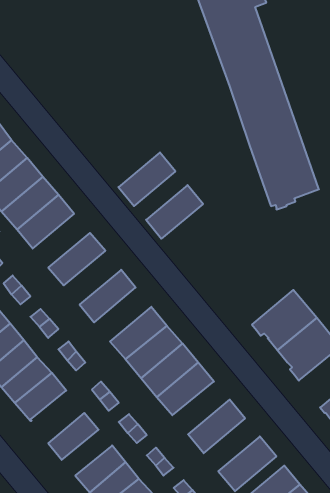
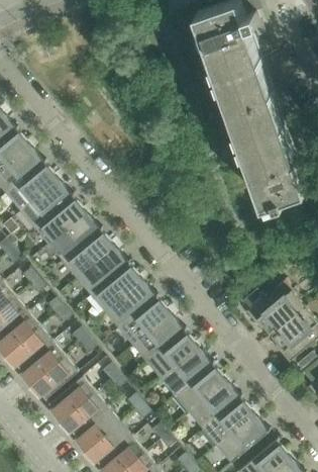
building: [118,152,175,206] -> [48,213,100,262]
building: [146,185,203,239] -> [77,247,128,295]
building: none -> [104,280,155,328]
building: none -> [175,365,226,412]
building: none -> [49,377,95,420]
building: none -> [203,398,253,446]
building: none -> [75,408,120,450]

